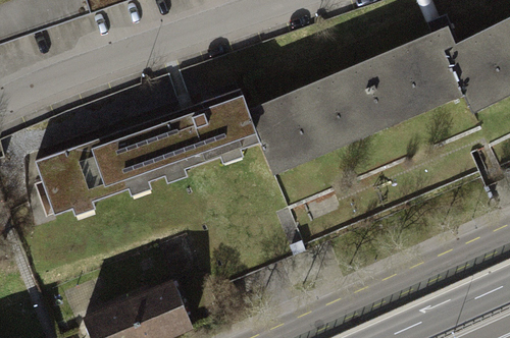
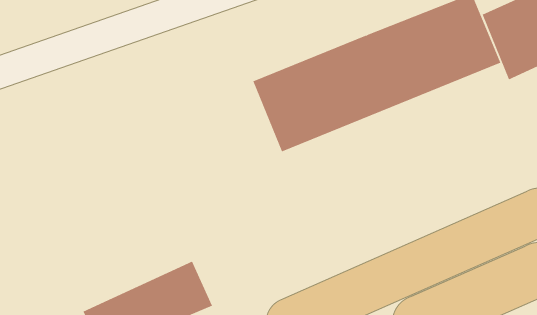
building: [22,88,245,210] -> none

